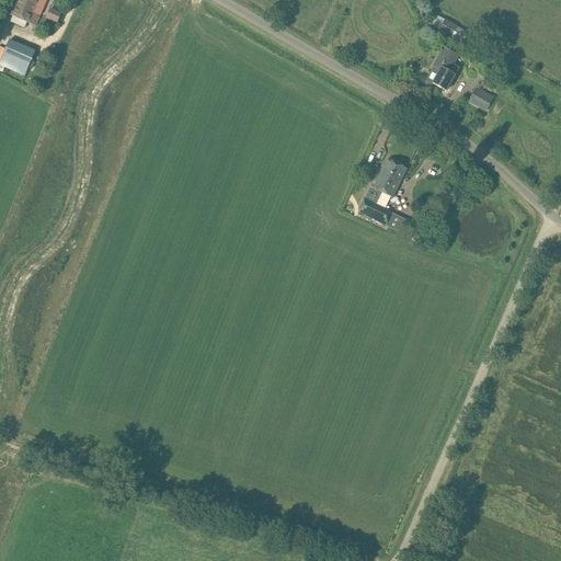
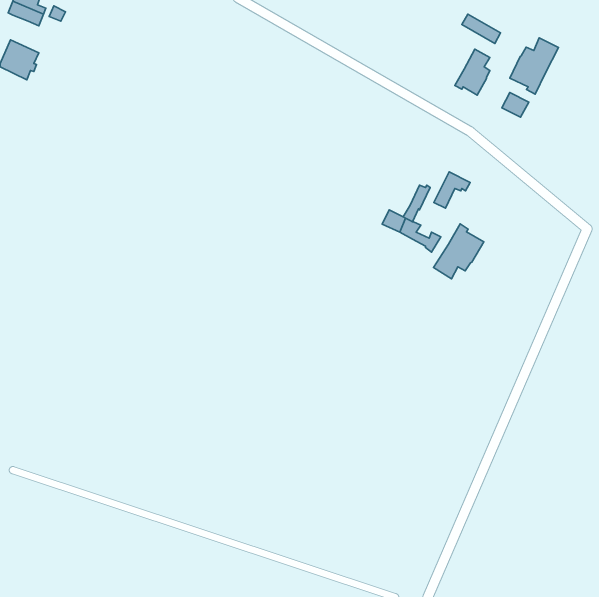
building: none -> [510,38,558,94]
building: [373,158,407,192] -> [434,172,470,208]
building: none -> [433,224,484,279]

